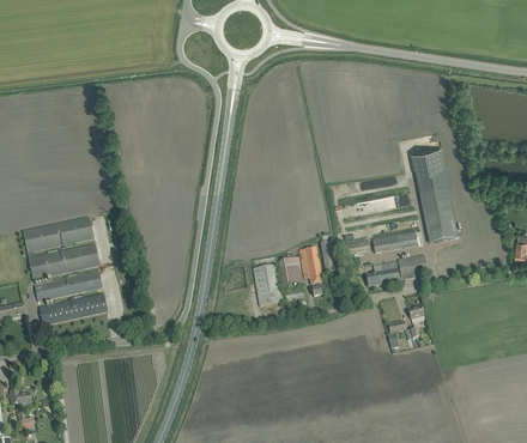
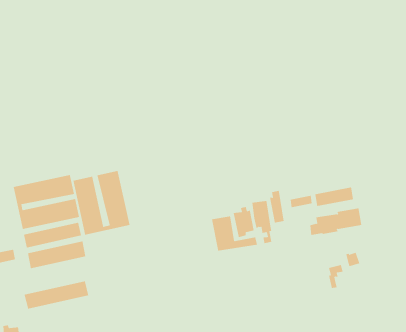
building: [408,147,458,243] -> none
building: none -> [73,170,130,235]
building: none -> [24,280,89,310]

